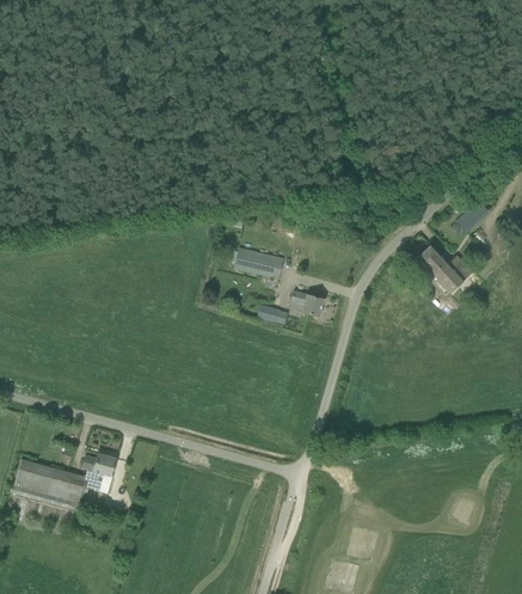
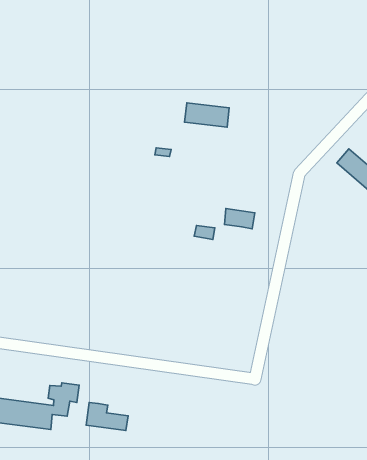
building: [235,247,284,278] -> [185,103,229,127]
building: none -> [86,402,128,431]

